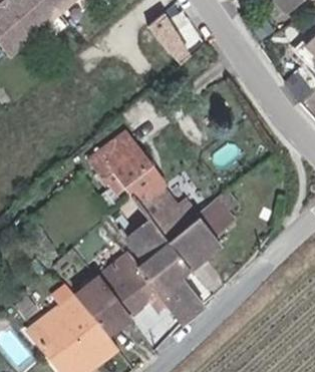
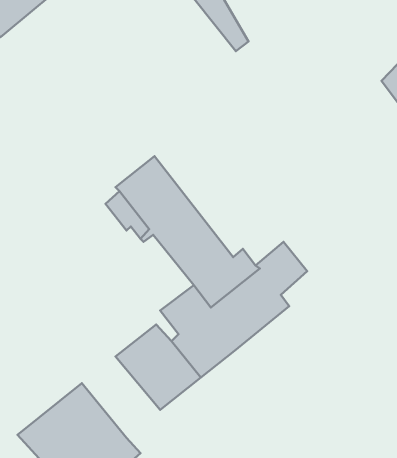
building: [156,279,203,327] -> none
building: [71,283,127,341] -> none

